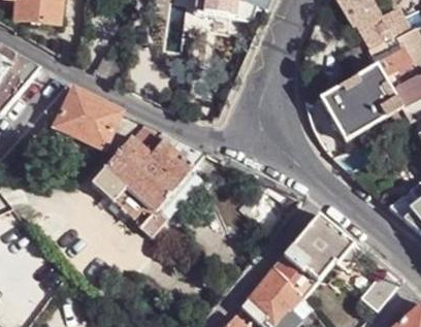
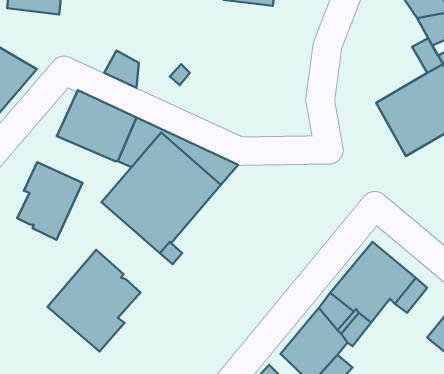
building: none -> [17,162,83,240]
building: none -> [47,250,141,351]

